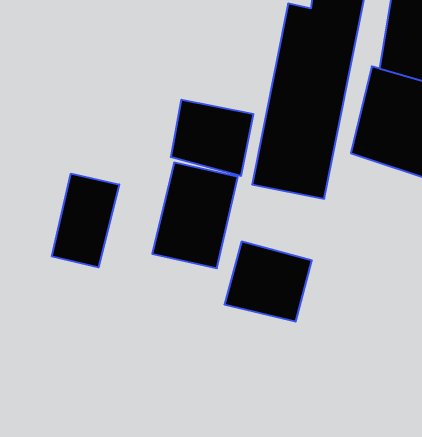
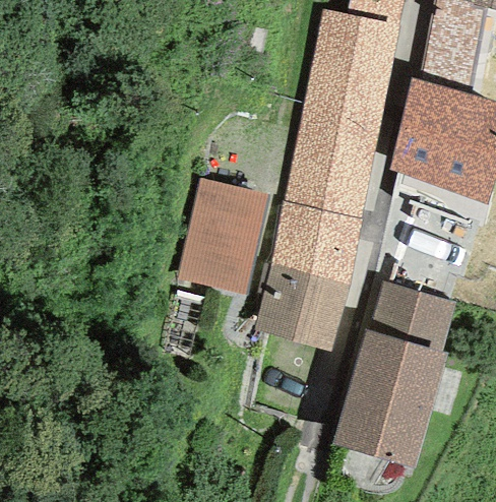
building: [171,100,253,176] -> [273,202,362,284]
building: [52,174,119,267] -> none
building: none -> [331,280,456,467]

